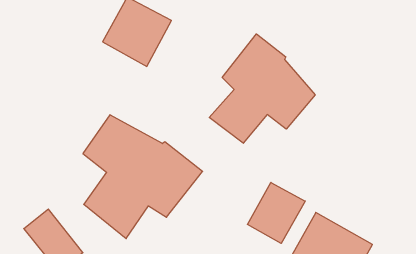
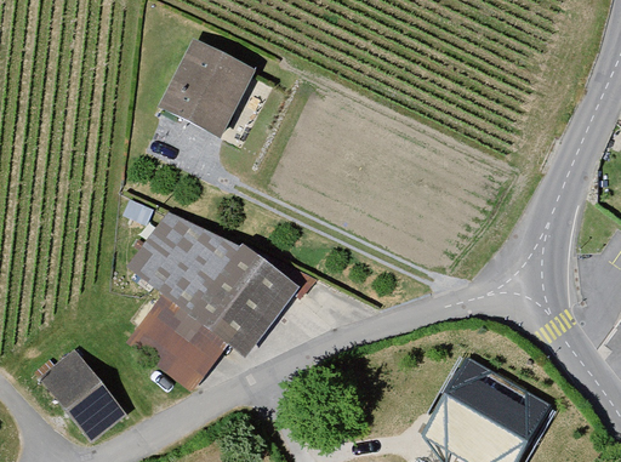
building: [209,34,315,143] -> none
building: [247,182,305,243] -> none

